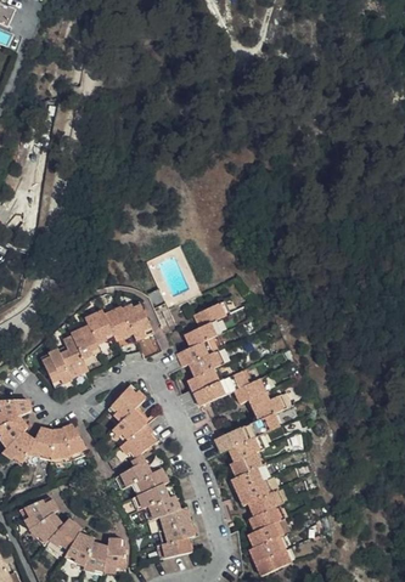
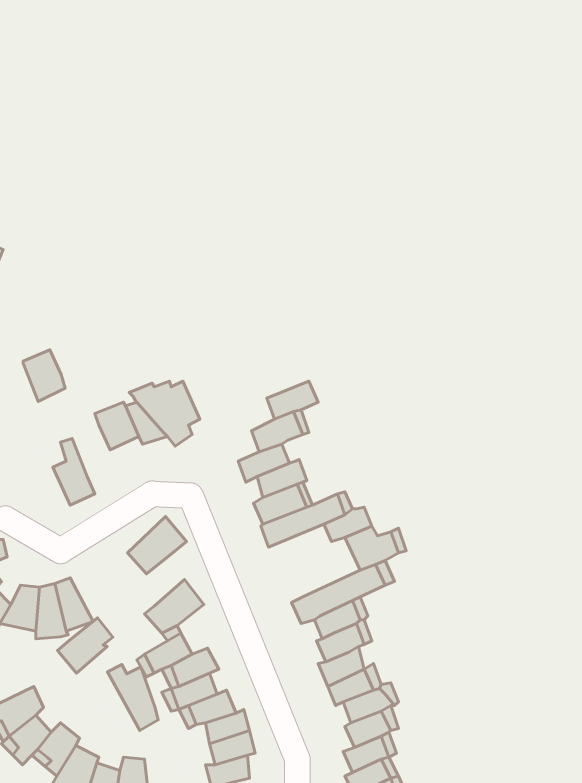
building: [74,328,101,361] -> [23,350,65,401]
building: [44,350,74,388] -> none
building: [114,408,150,443] -> [57,618,113,673]
building: none -> [108,664,158,731]

